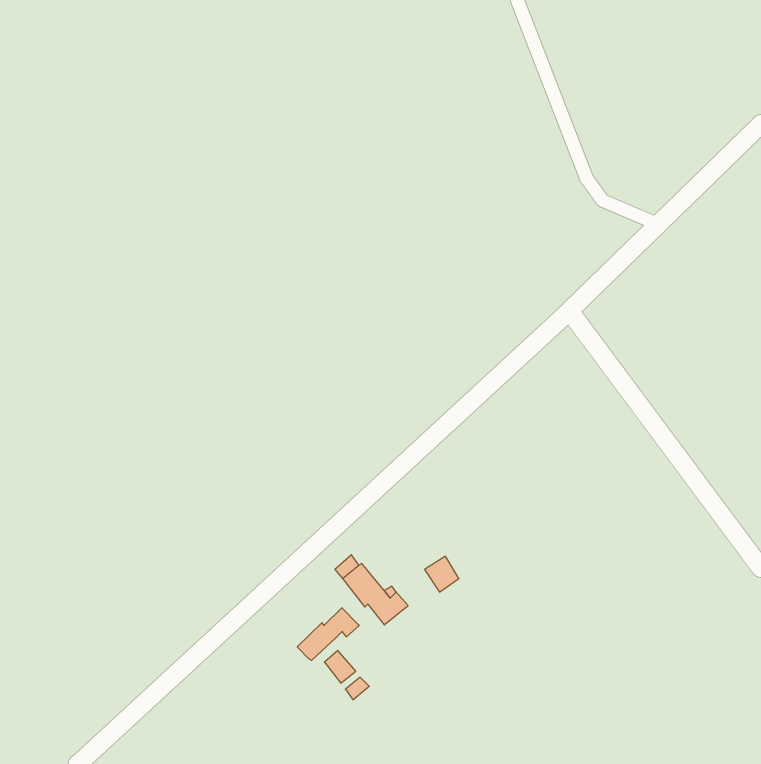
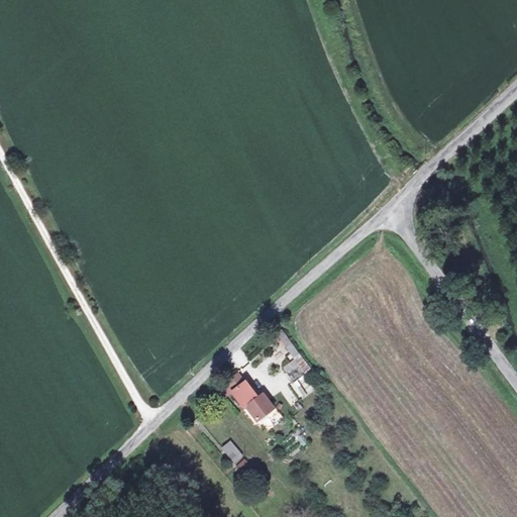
building: [297,608,359,660] -> none

